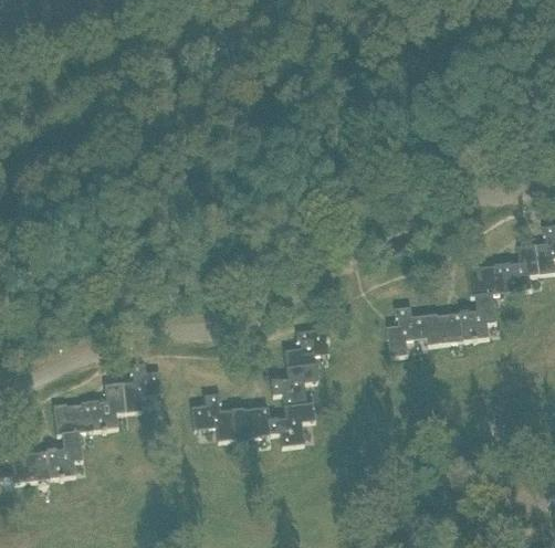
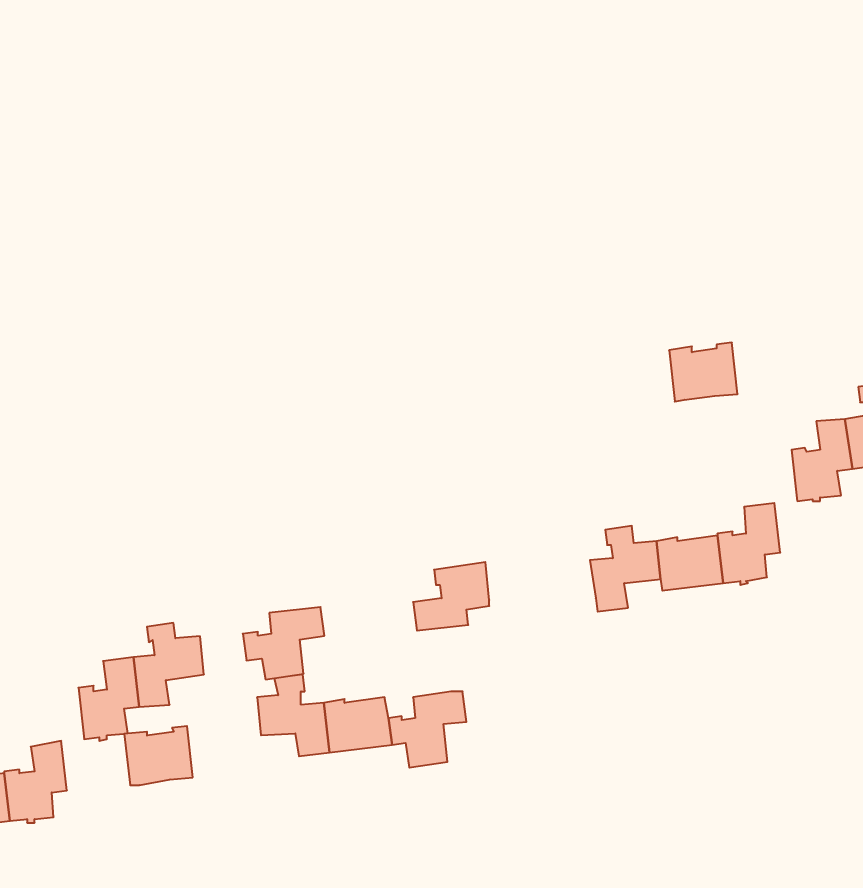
building: [469,262,509,296] -> [669,343,738,402]
building: [272,363,320,405] -> [243,607,324,679]
building: [54,400,94,434] -> [124,726,193,785]

